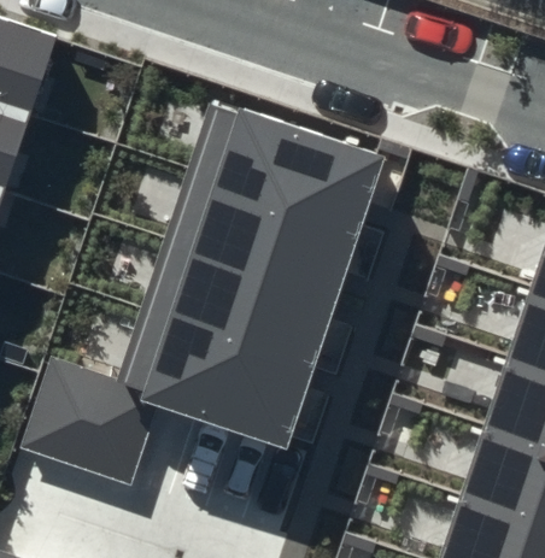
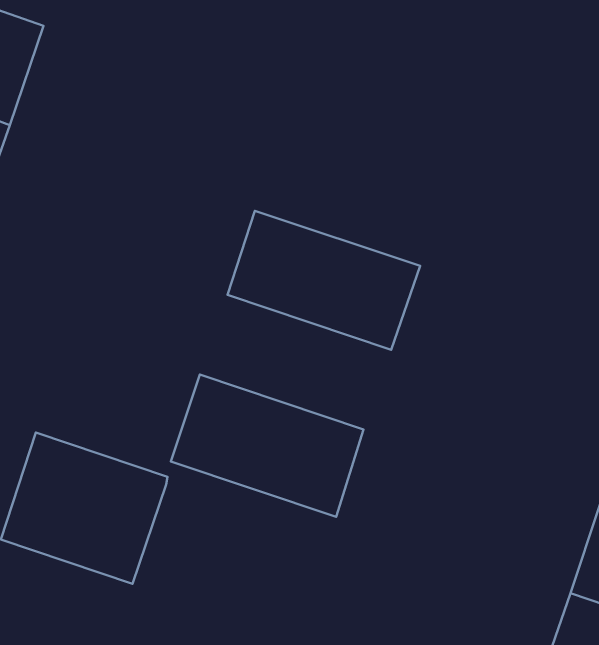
building: [223,119,375,228] -> none
building: [180,251,330,357] -> none

